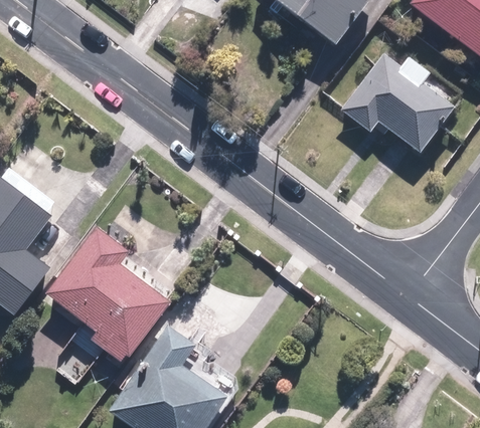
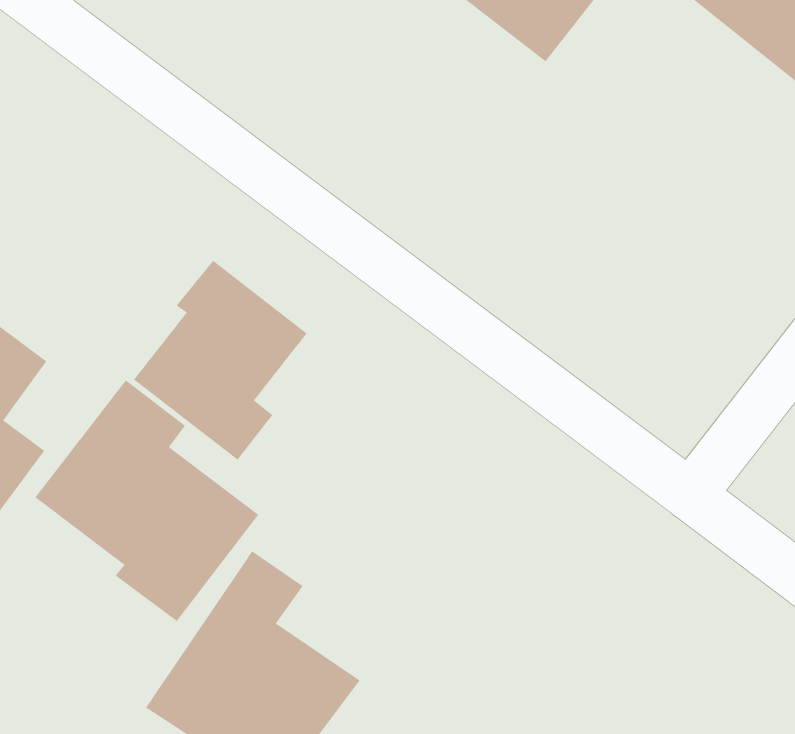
building: [340,55,458,154] -> none
building: none -> [133,260,307,461]

